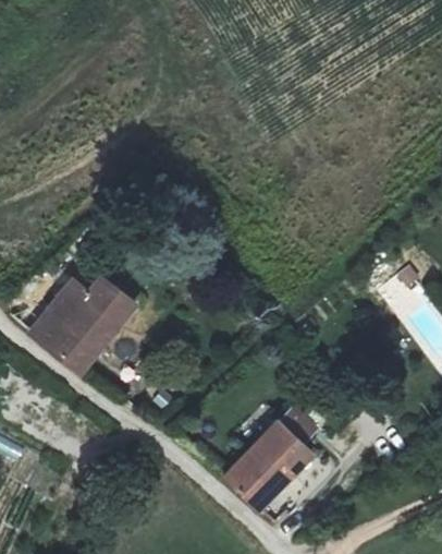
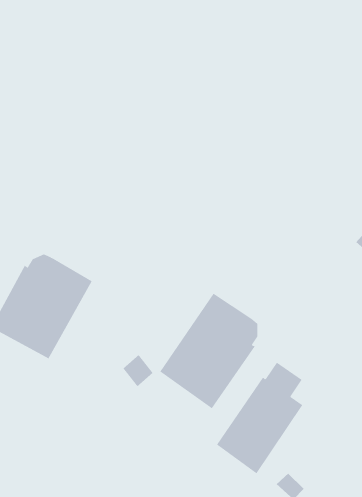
building: none -> [159,293,258,409]

